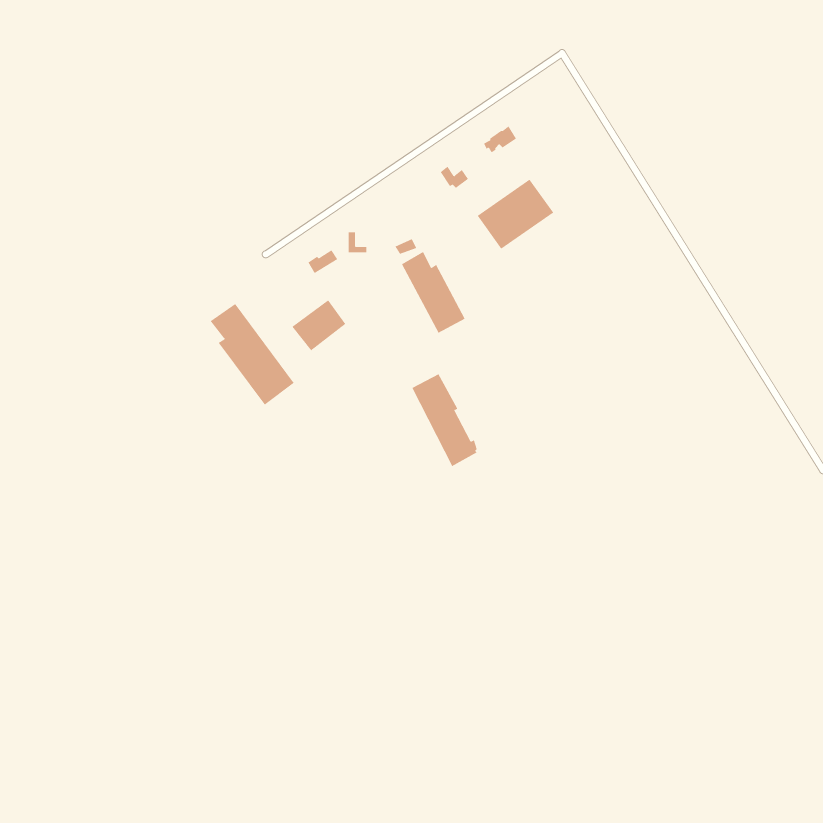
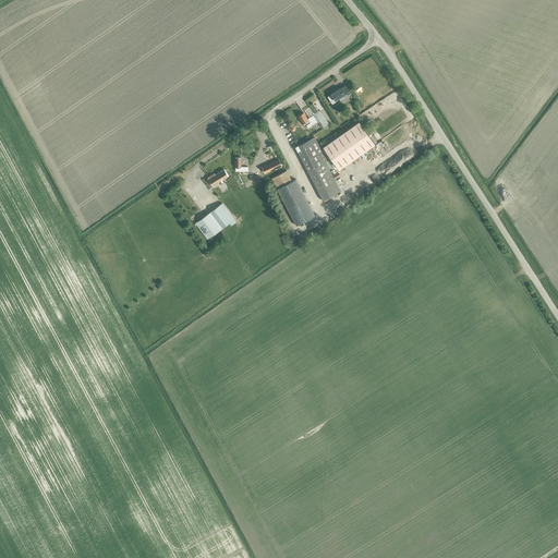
building: [210,303,295,405] -> none
building: [412,373,478,467] -> [295,138,340,202]

